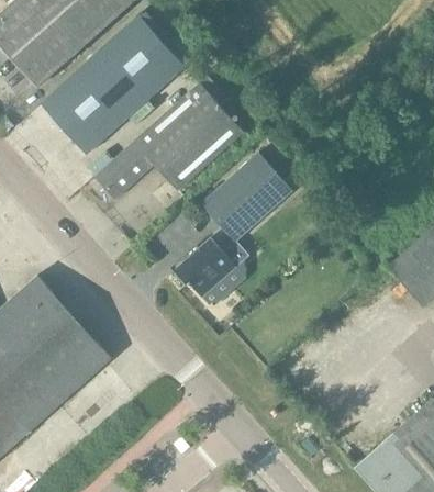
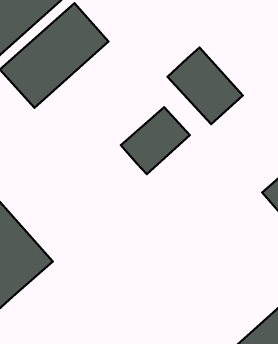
building: none -> [168,48,243,124]
building: [94,83,243,200] -> none
building: [176,228,241,304] -> none

